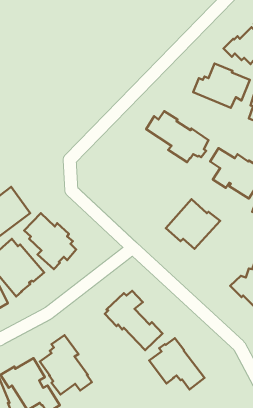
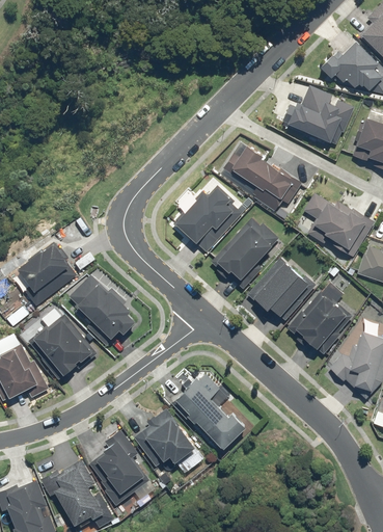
building: none -> [174,187,242,252]
building: none -> [211,218,279,289]
building: none -> [288,292,346,354]
building: [149,338,204,389] -> [134,408,203,473]

